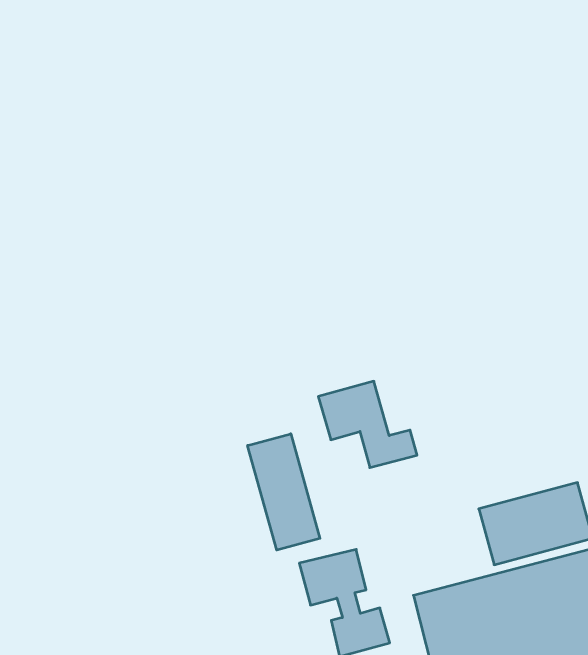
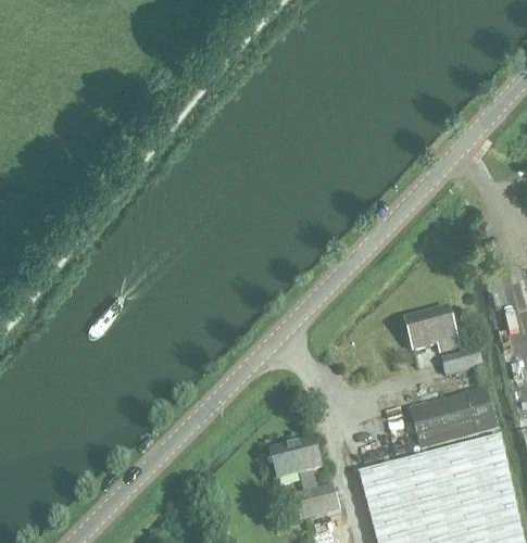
building: [318,381,417,468] -> [405,306,482,374]
building: [248,434,320,550] -> none

